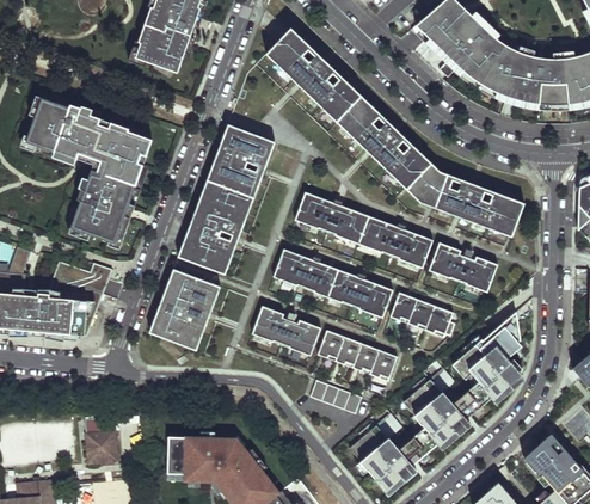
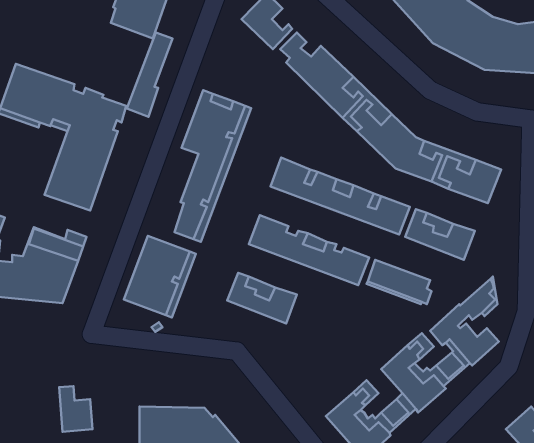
building: [296,43,345,97] -> none
building: [178,182,223,265] -> [127,33,173,117]
building: [318,330,398,379] -> none
building: [311,380,362,413] -> none

